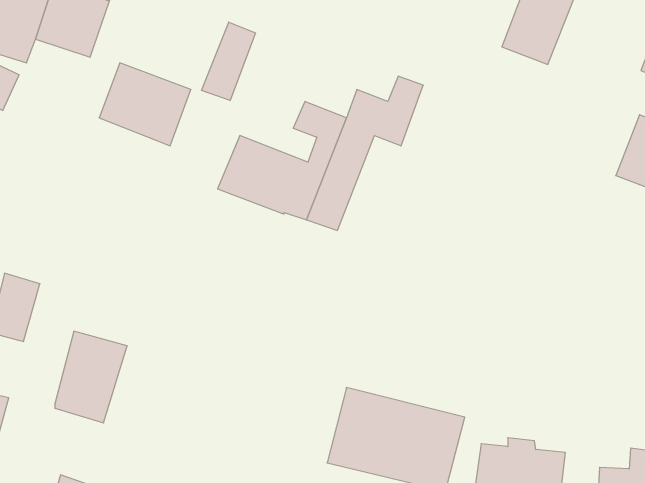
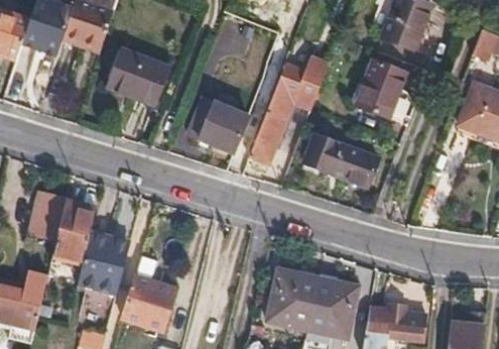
building: [202,22,255,101] -> none
building: none -> [357,62,406,118]
building: none -> [304,134,378,188]
building: none -> [48,200,99,281]
building: none -> [125,276,176,331]

